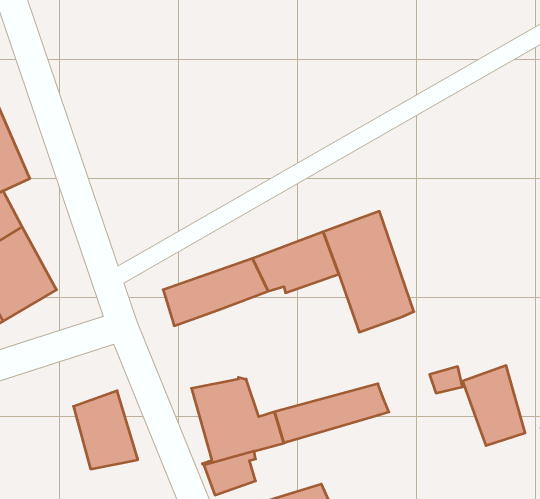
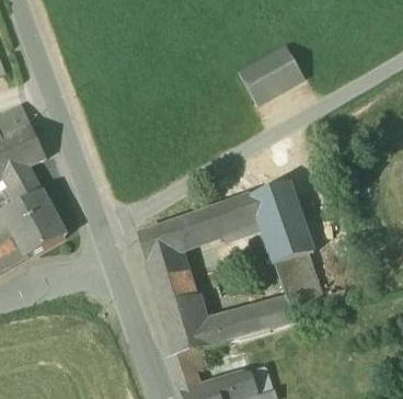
building: none -> [239,45,303,103]
building: [462,366,525,446] -> [276,252,320,308]
building: [73,391,138,469] -> [147,248,192,303]

